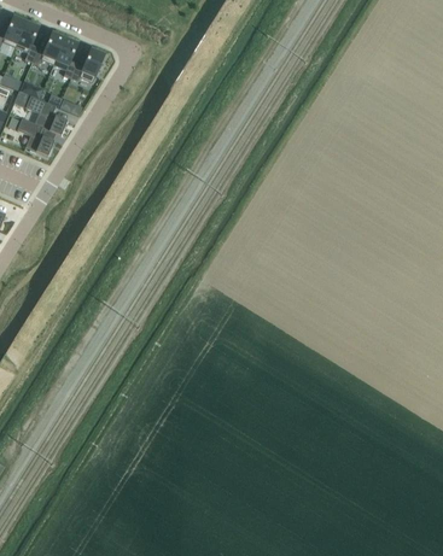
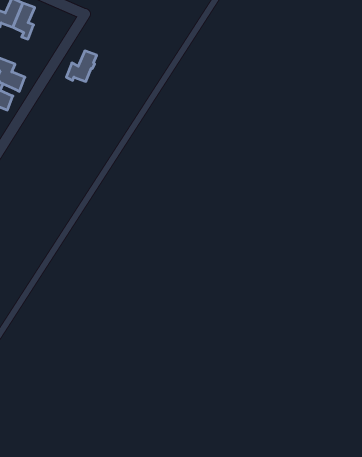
building: [71,47,105,81] -> [66,51,97,81]

